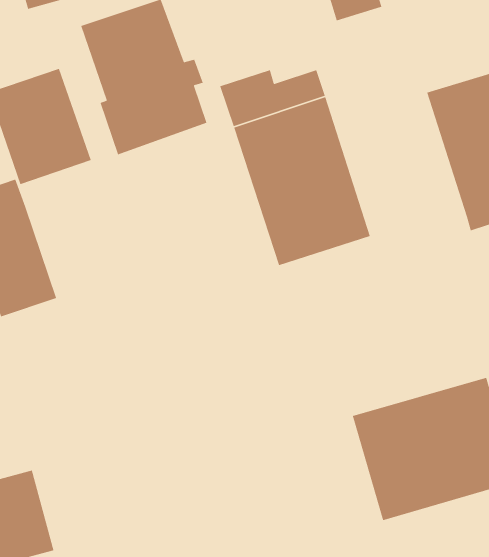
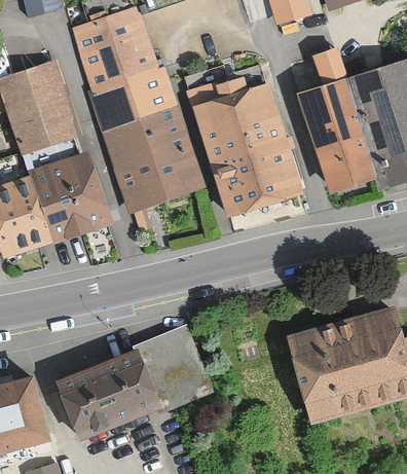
building: none -> [298,46,378,194]
building: none -> [100,104,200,212]
building: none -> [27,151,111,244]
building: none -> [53,324,215,441]

